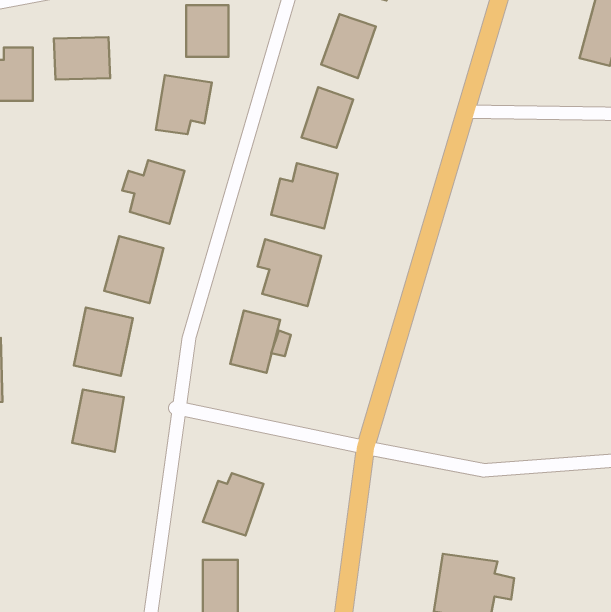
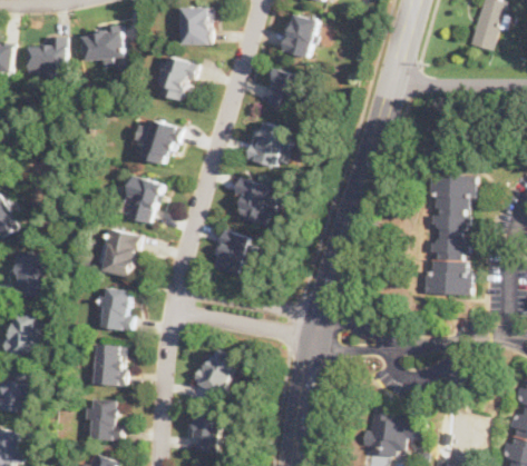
building: none -> [427,176,474,296]
building: none -> [94,345,124,387]
building: none -> [89,400,119,443]

